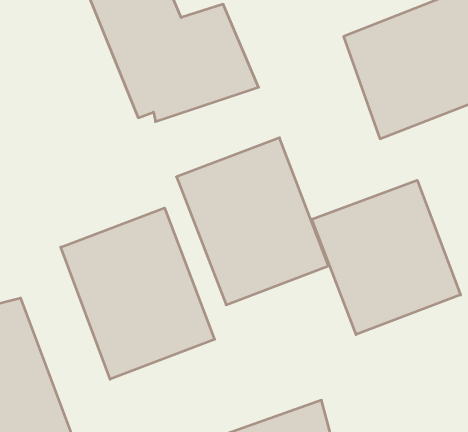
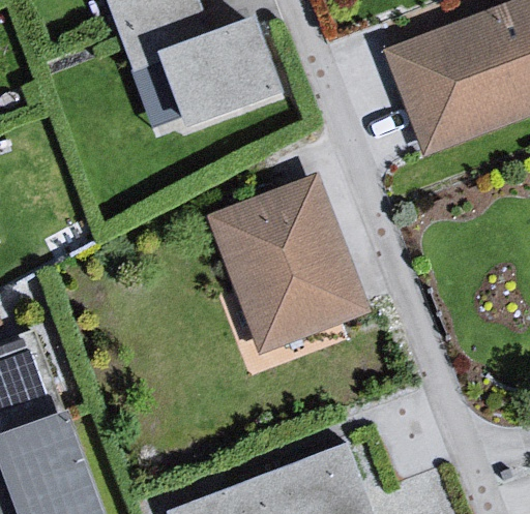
building: [312,180,461,335] -> none
building: [61,208,215,379] -> none

